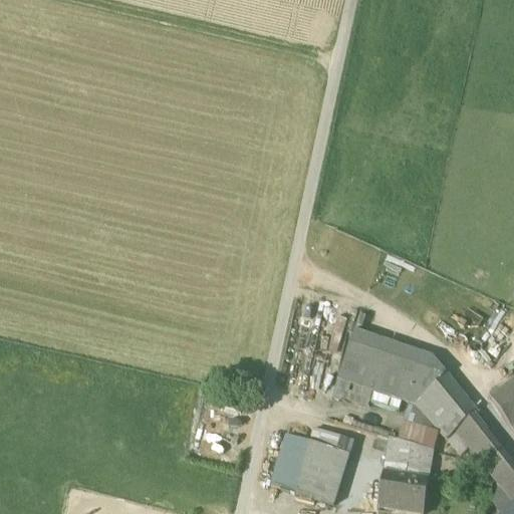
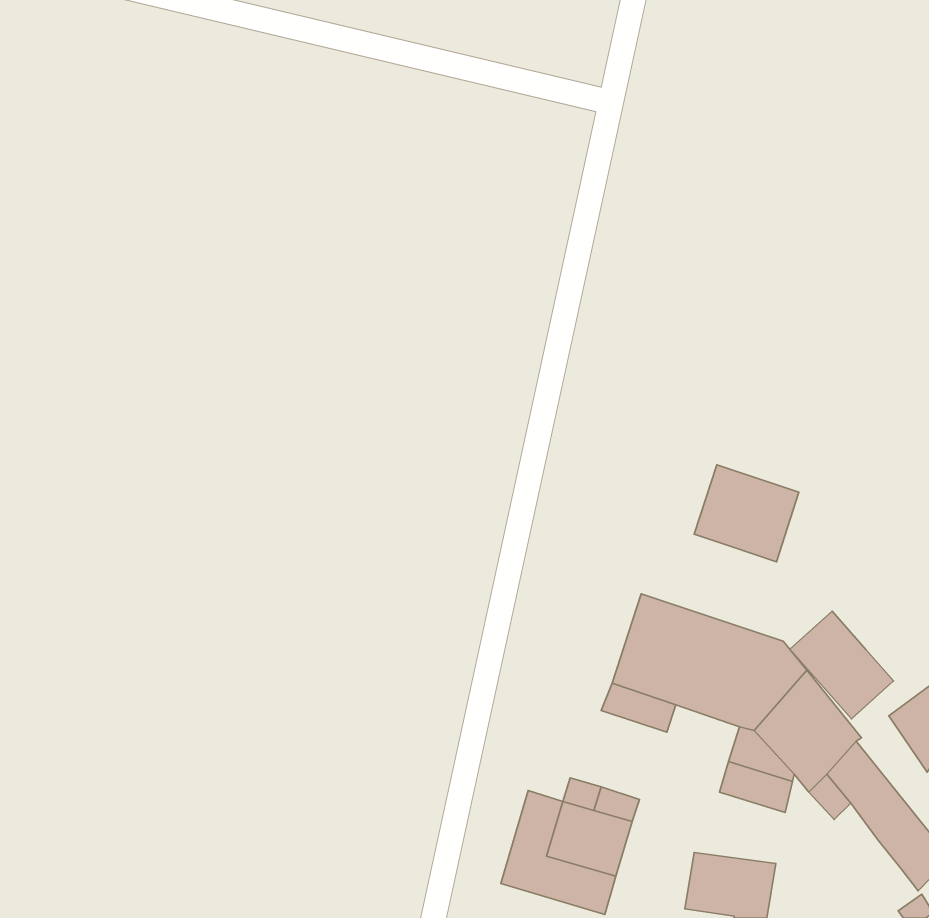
building: none -> [694,465,799,562]
building: none -> [790,611,894,719]
building: [383,435,434,476] -> none

